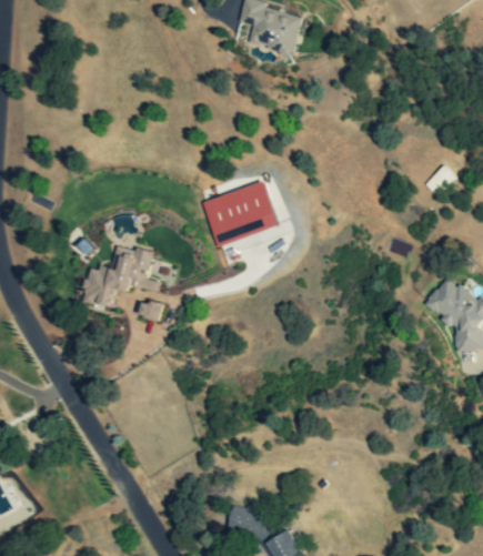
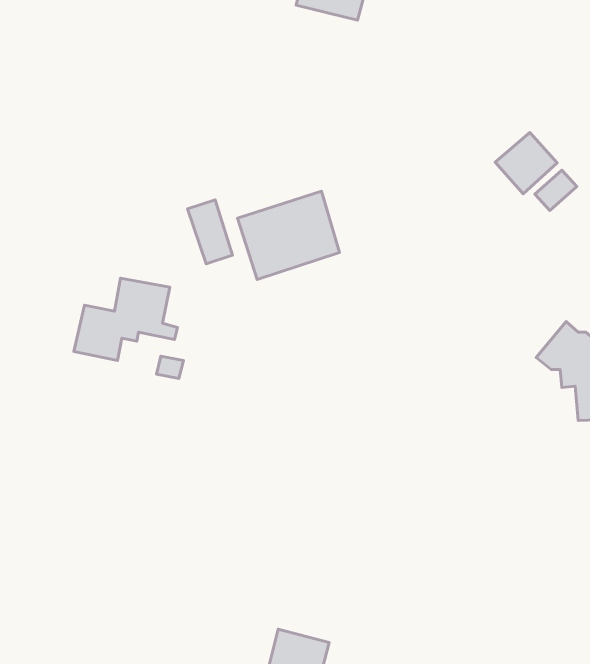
building: none -> [495,133,557,194]
building: none -> [188,200,232,264]

